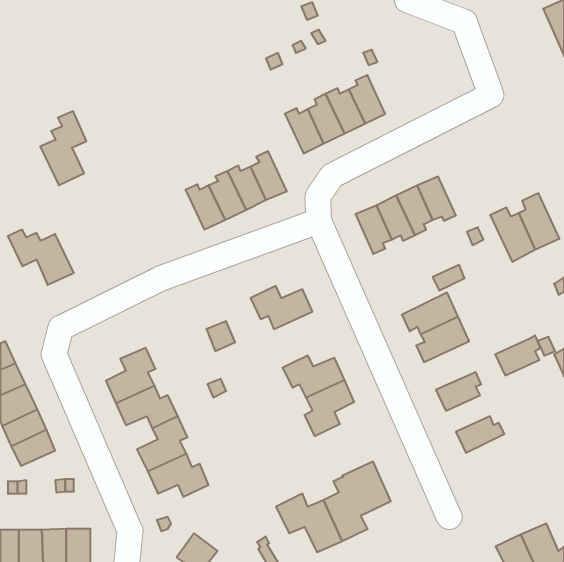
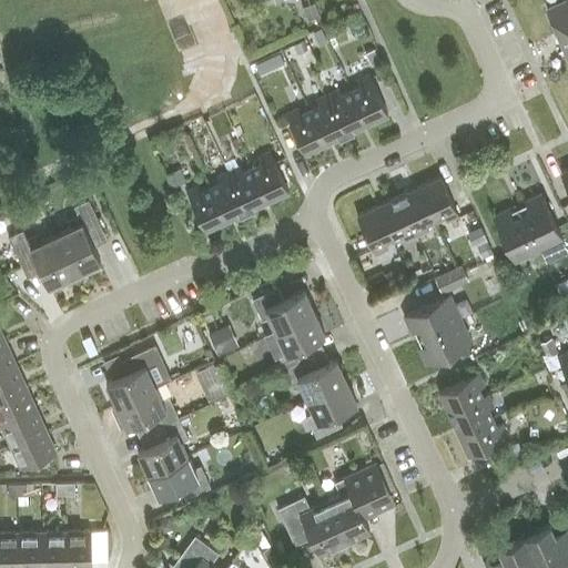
building: [40,111,86,185] -> [55,202,102,276]
building: none -> [265,315,325,372]
building: [495,336,541,375] -> [448,396,494,436]

